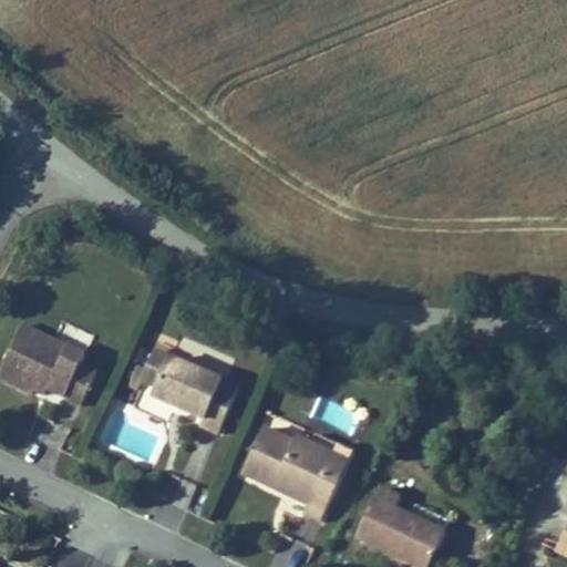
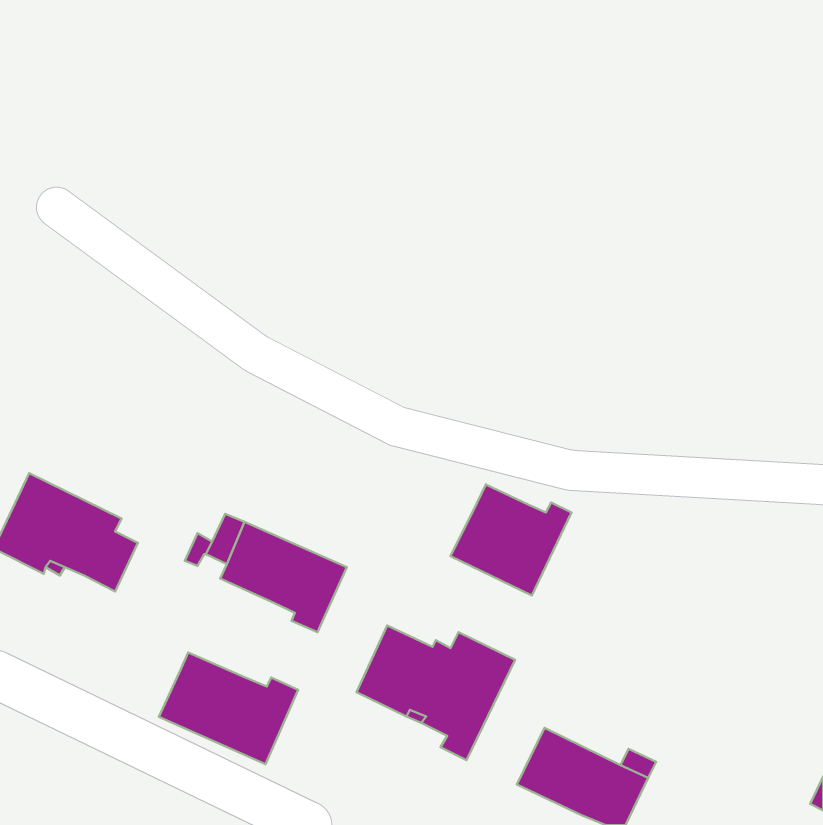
building: none -> [450,485,572,596]
building: none -> [159,653,298,764]

